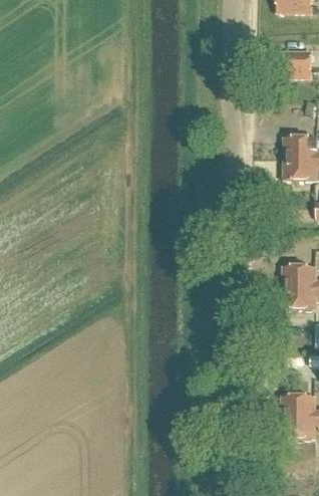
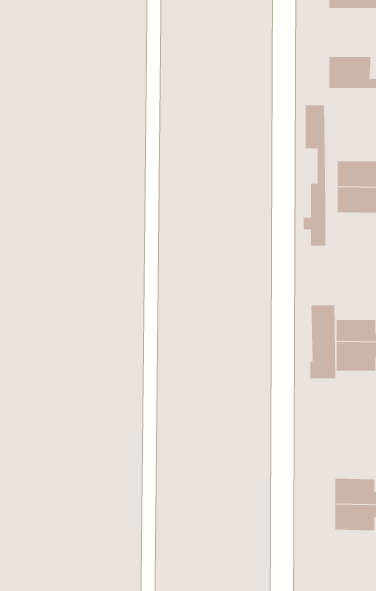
building: none -> [303,104,326,246]
building: none -> [310,305,336,379]

